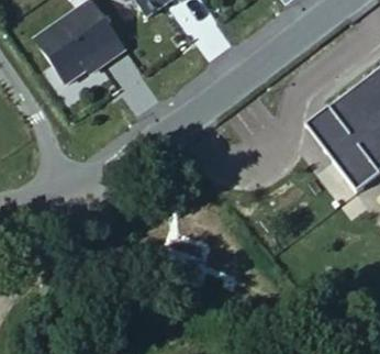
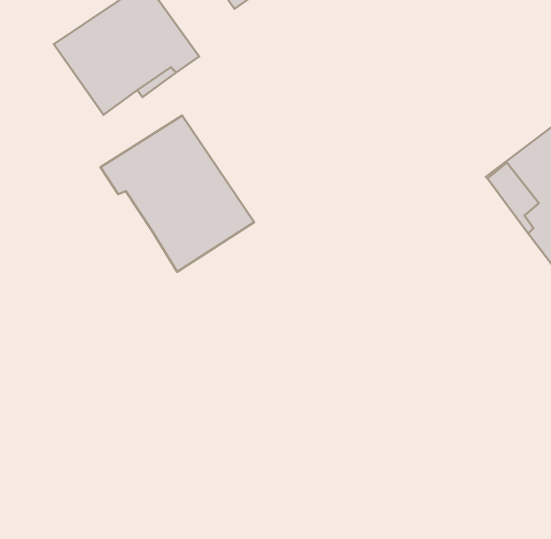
building: none -> [100,116,254,272]

